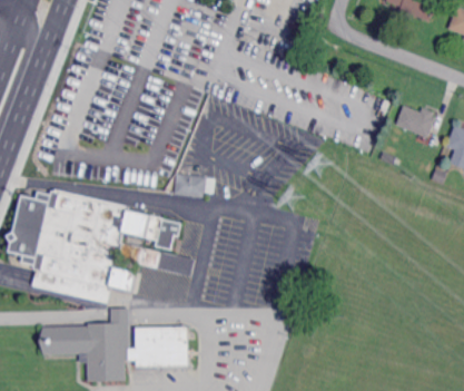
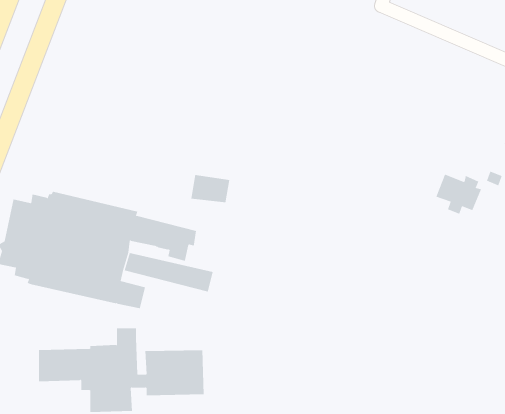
building: [396,105,436,140] -> [436,174,482,215]
building: [31,268,109,302] -> none

